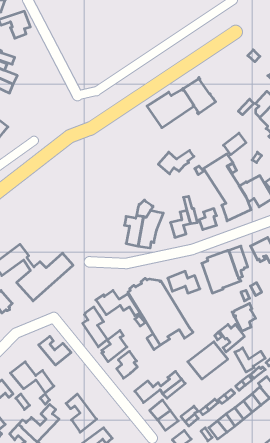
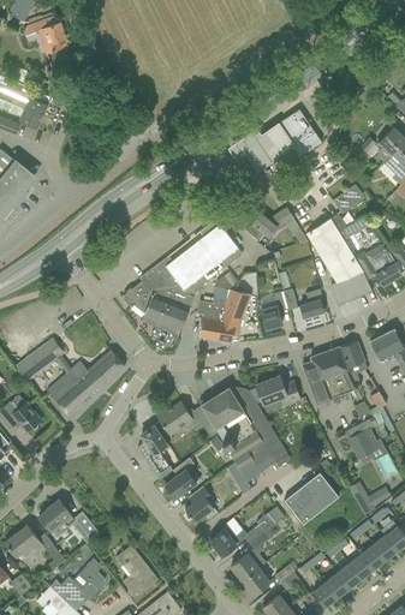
building: none -> [123,216,242,330]
building: [220,324,244,352] -> none
building: [39,336,71,365] -> none

